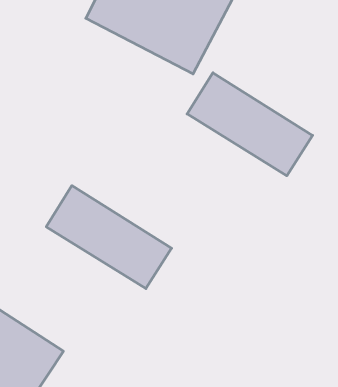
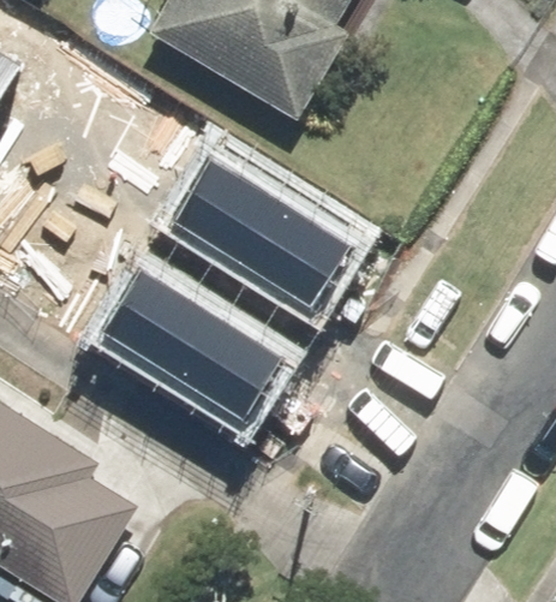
building: [187,73,313,176] -> [167,159,342,303]

